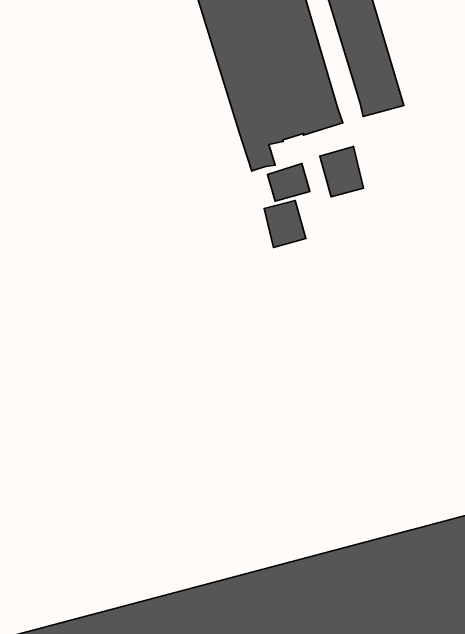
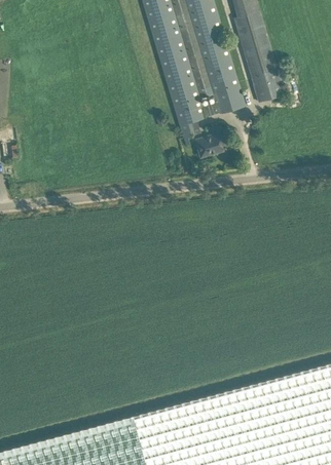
building: [320,147,364,197] -> none
building: [264,201,306,247] -> none

